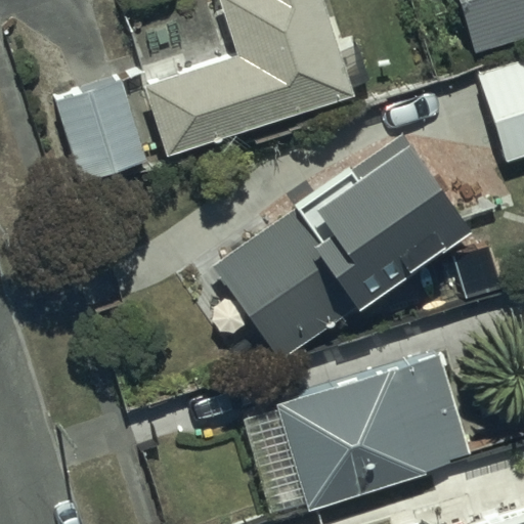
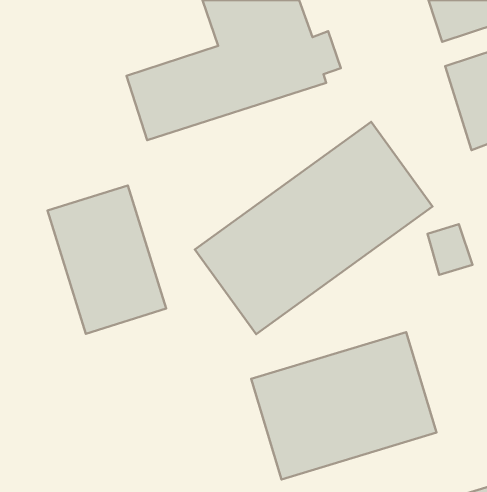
building: [57,80,145,181] -> none
building: none -> [47,185,166,334]

